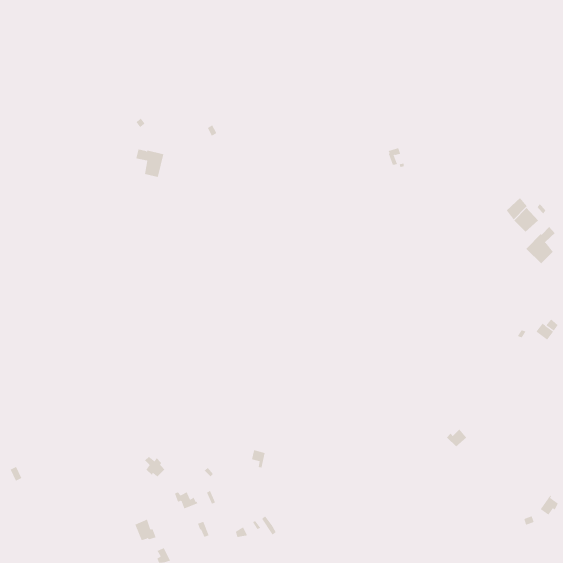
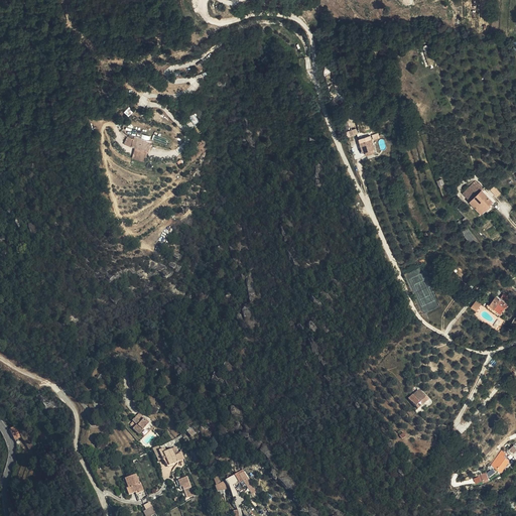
building: [526,226,555,264] -> none

